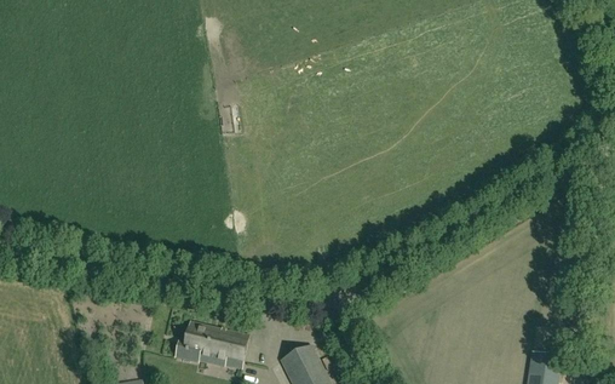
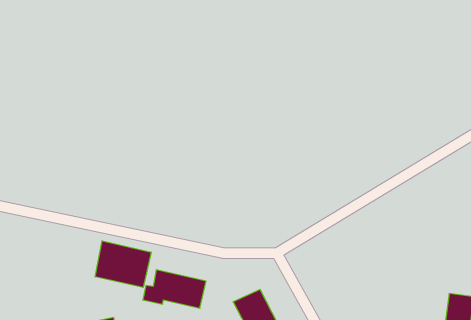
building: none -> [95,241,151,287]

